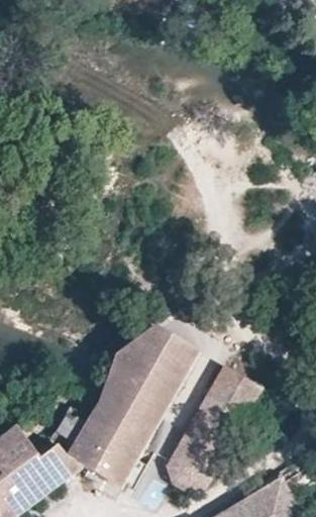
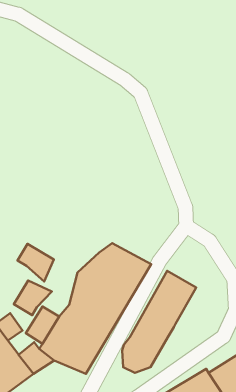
building: none -> [18,244,54,281]
building: none -> [14,281,52,315]

